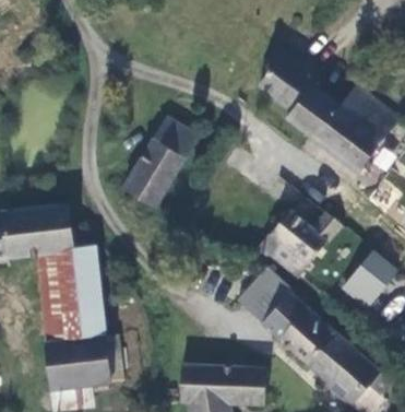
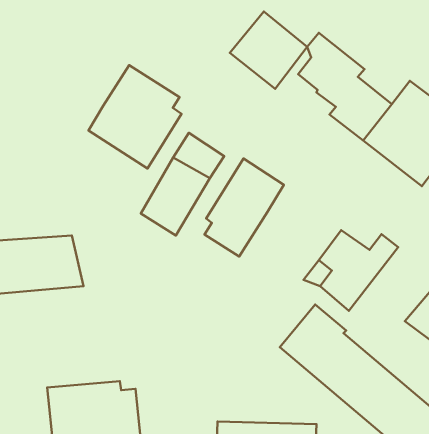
building: none -> [230,11,307,89]
building: none -> [88,65,181,168]
building: none -> [205,159,284,257]
building: [35,251,104,339] -> none

